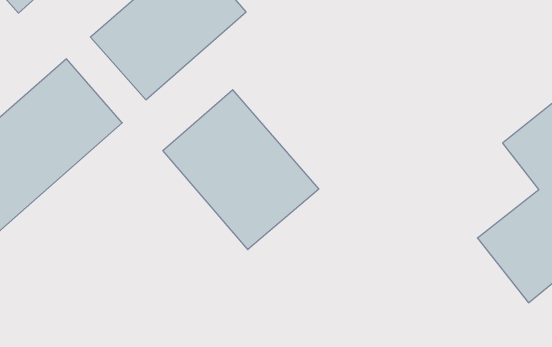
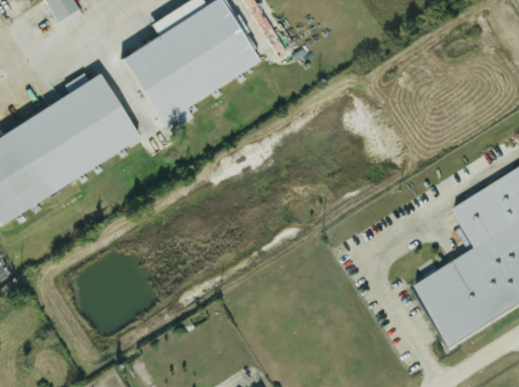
building: [163,90,319,250] -> none

